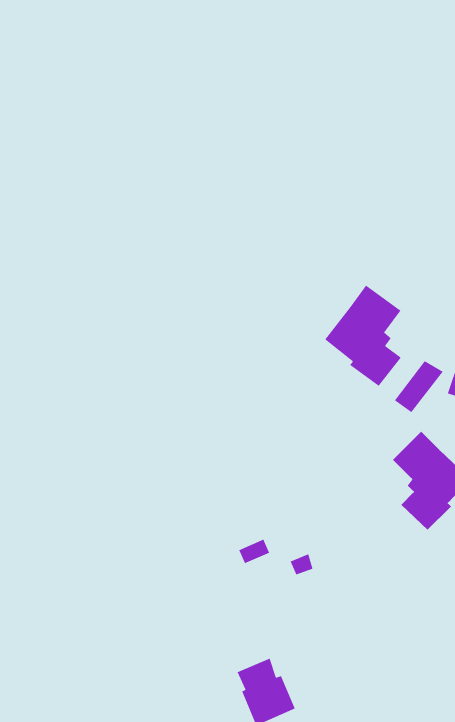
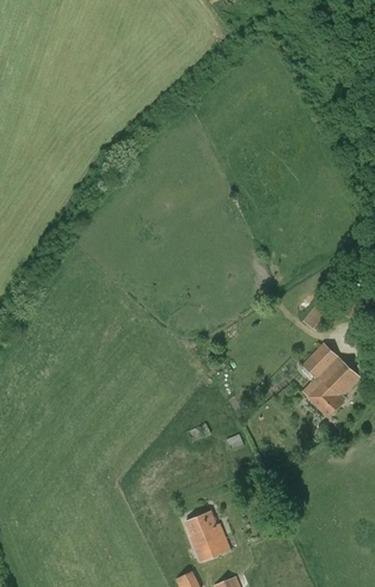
building: [324,284,402,387] -> none

